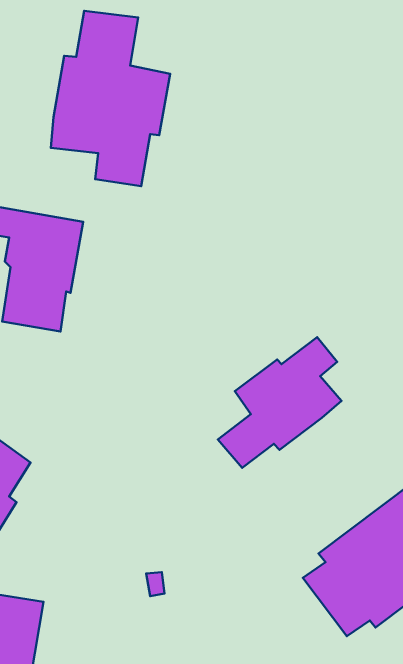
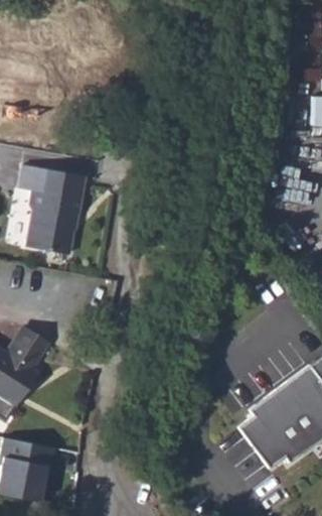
building: [51,11,170,186] -> none
building: [218,337,342,468] -> none

